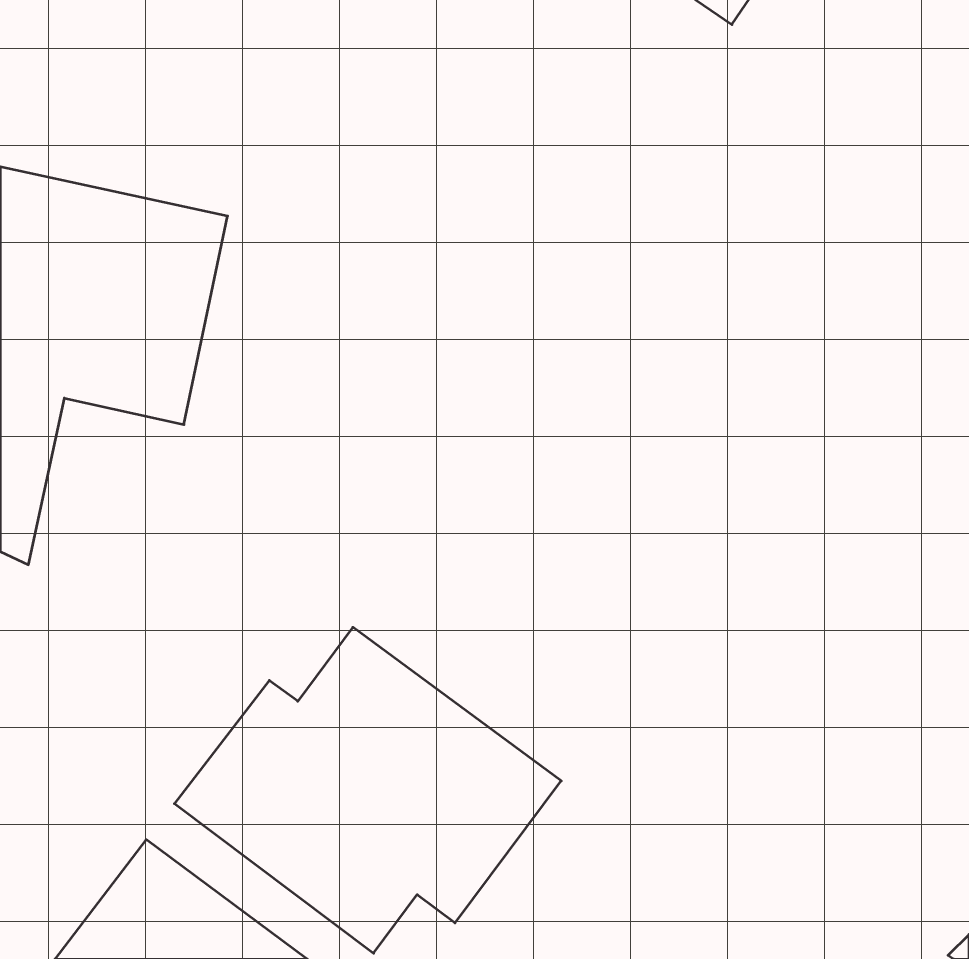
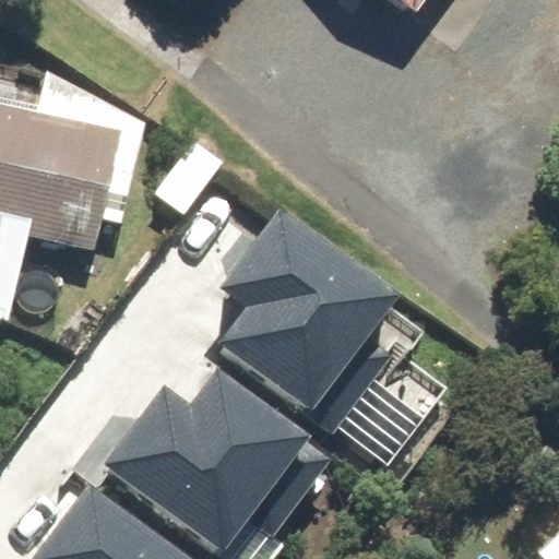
building: none -> [204,216,388,432]

